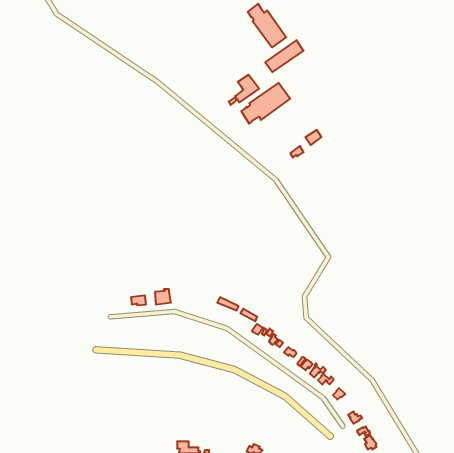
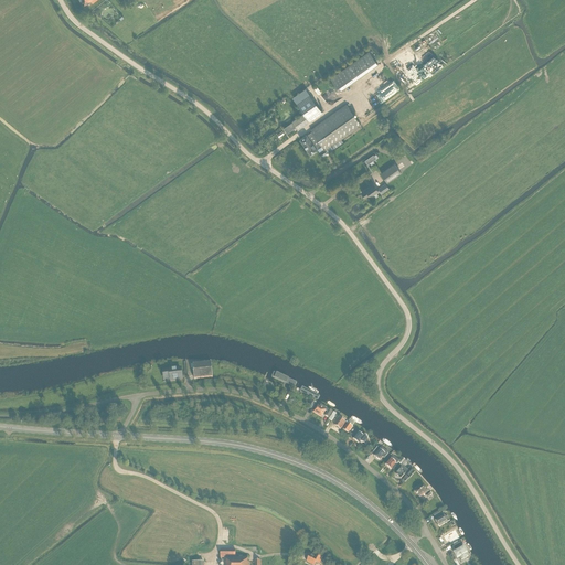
building: [248,4,286,47] -> none

